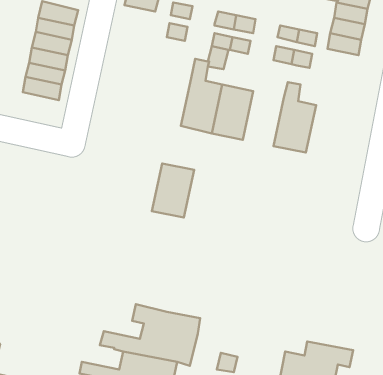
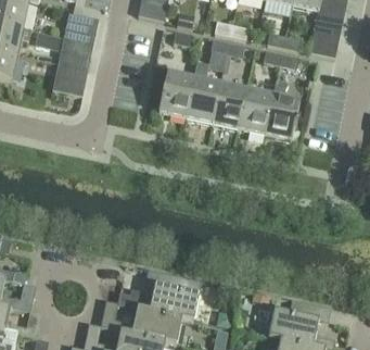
building: none -> [238,87,272,134]
building: [152,164,194,217] -> [158,71,194,116]

